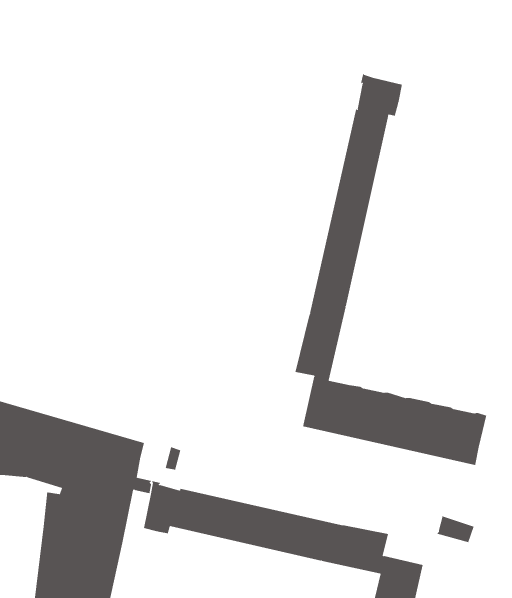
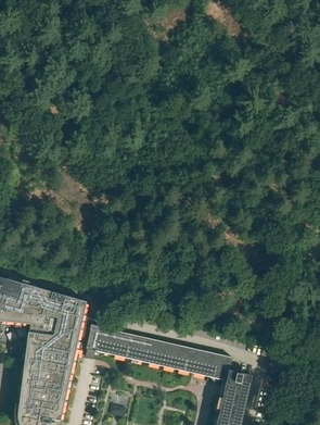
building: [295,72,487,466] -> none

